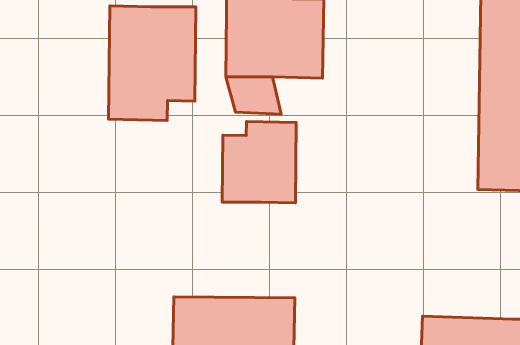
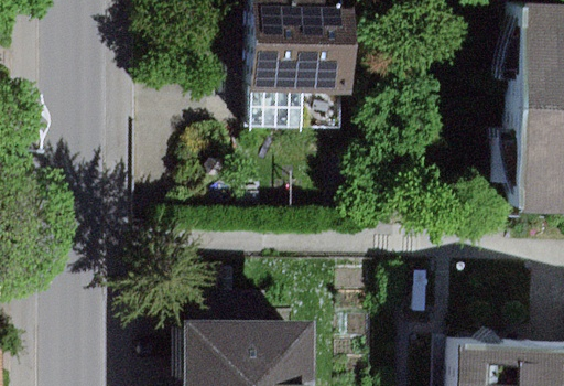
building: [108,6,196,121] -> none
building: [222,121,296,203] -> none

